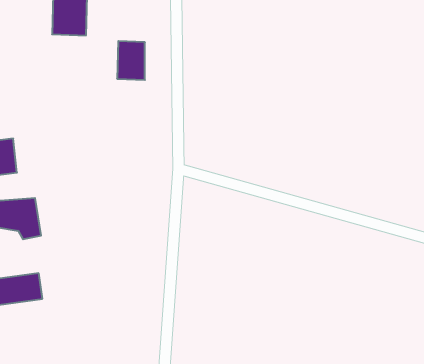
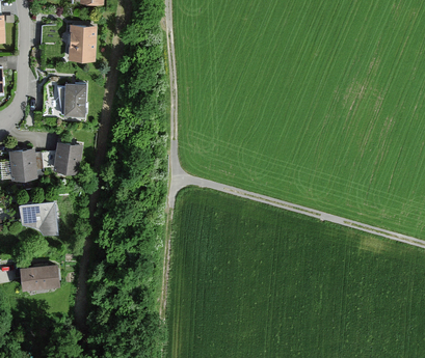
building: [117,41,145,80] -> [62,85,86,118]
building: none -> [54,143,84,176]

